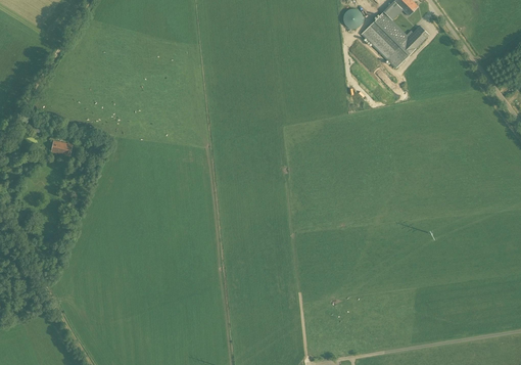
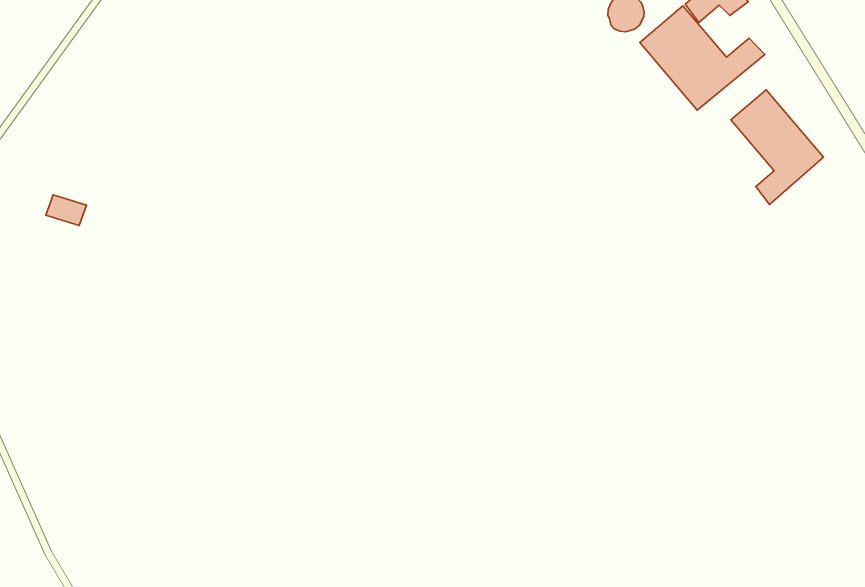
building: none -> [731,90,823,205]

